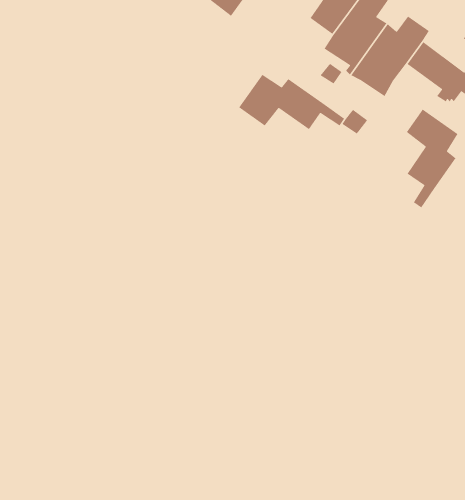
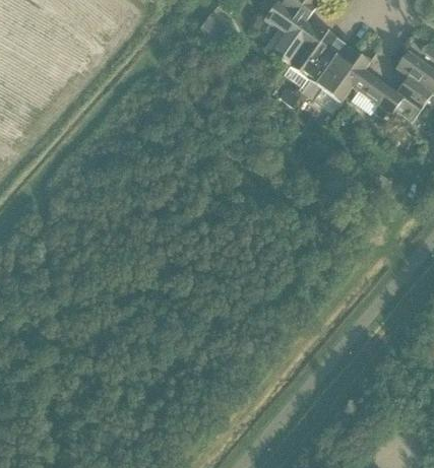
building: [238,74,345,130] -> none
building: [406,109,459,208] -> none

